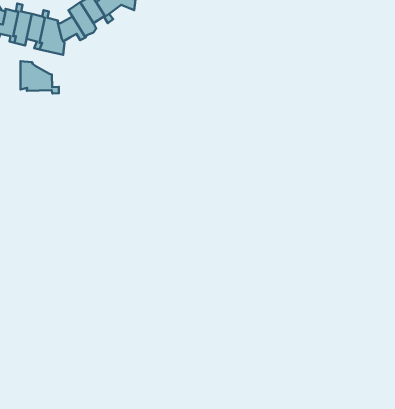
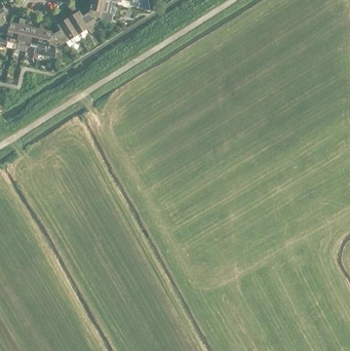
building: [20,61,59,93] -> none

